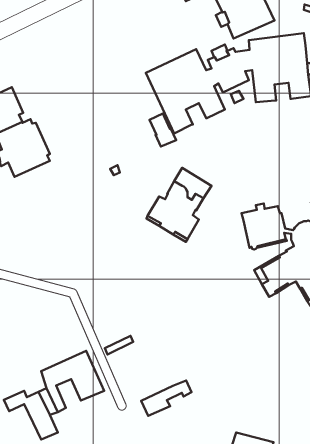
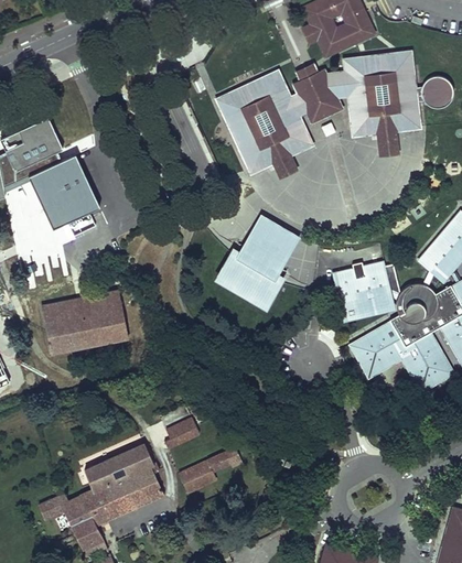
building: none -> [375,111,399,155]
building: [149,114,176,146] -> [265,137,298,177]
building: none -> [41,290,128,353]
building: none -> [104,479,135,515]
building: [141,380,192,416] -> [180,447,243,491]

